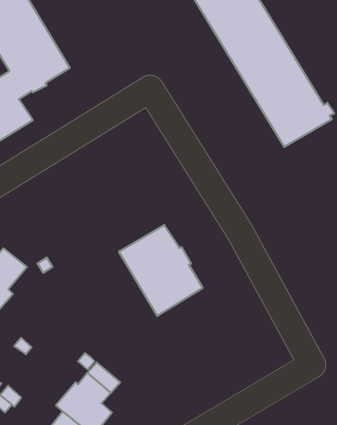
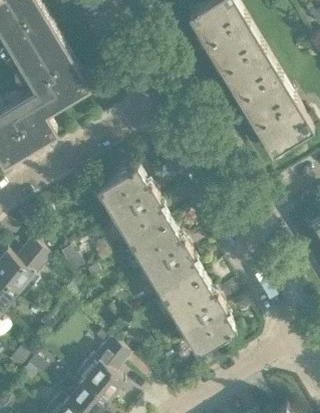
building: none -> [95,165,167,243]
building: none -> [161,274,234,353]

